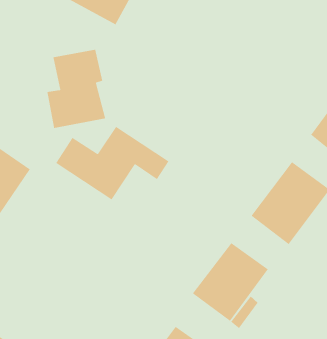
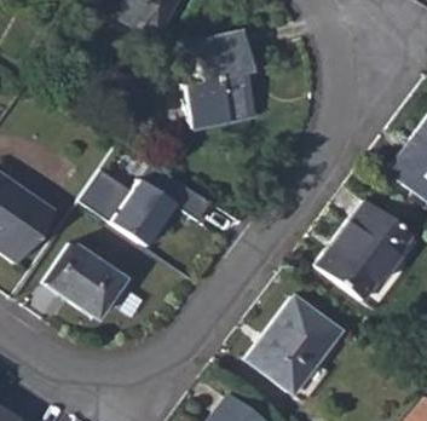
building: [46,49,106,129] -> [185,33,256,128]
building: none -> [46,244,125,318]

